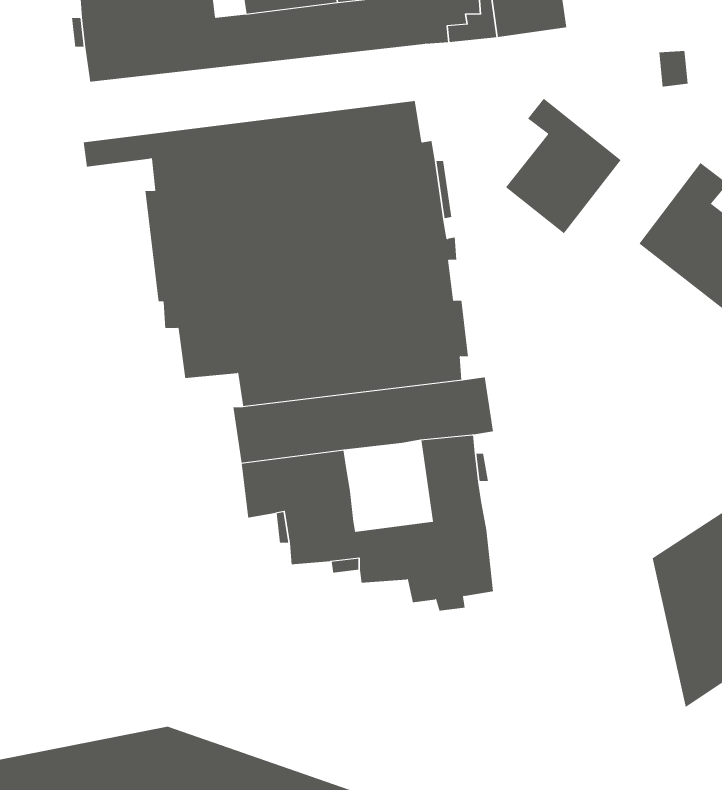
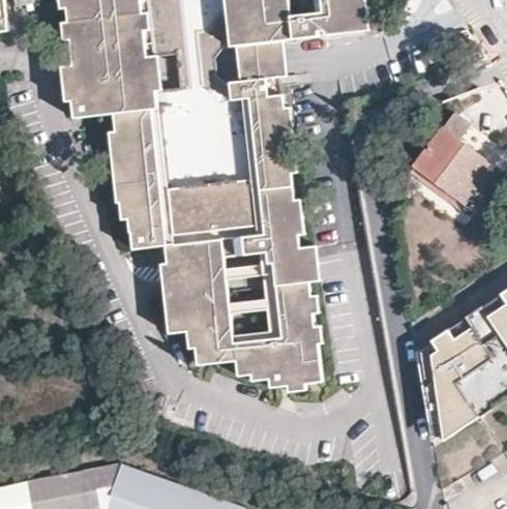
building: none -> [57,37,284,99]
building: [505,98,622,234] -> none
building: none -> [230,283,282,340]

